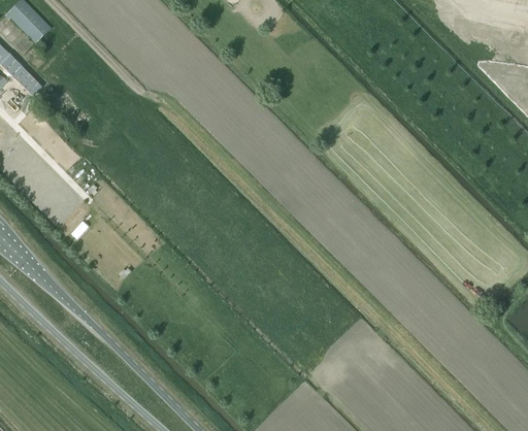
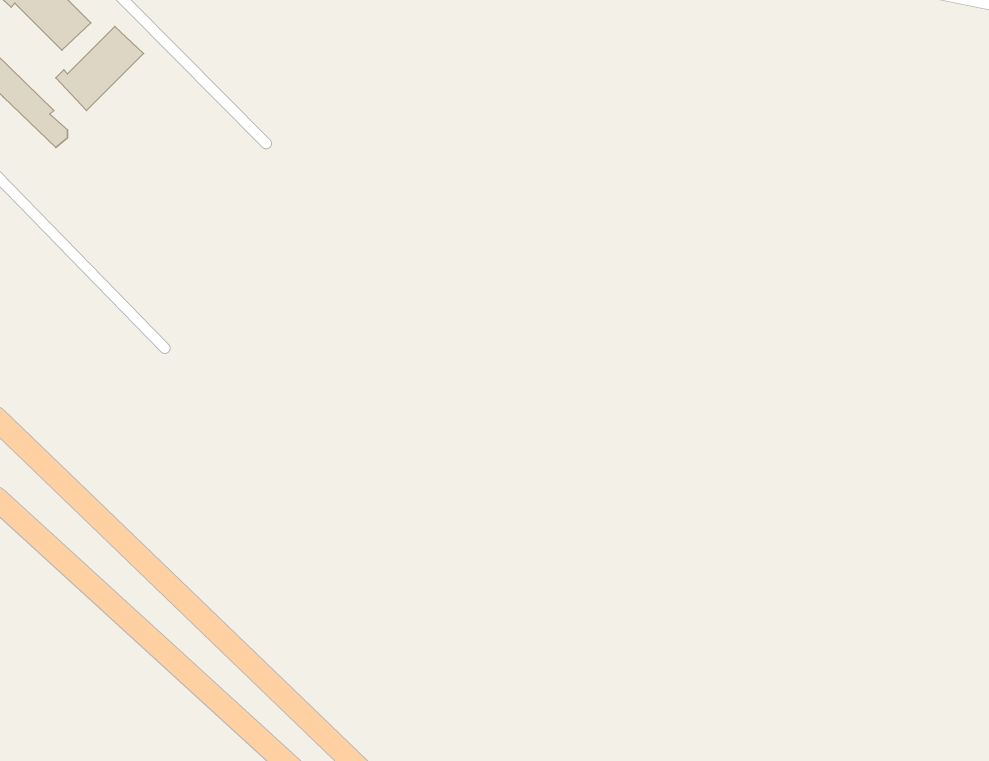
building: none -> [56,27,143,110]

